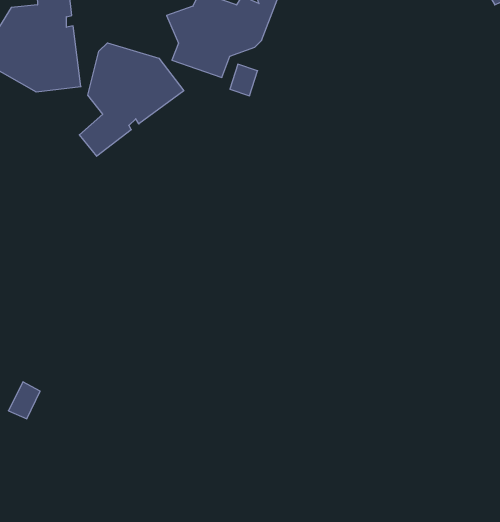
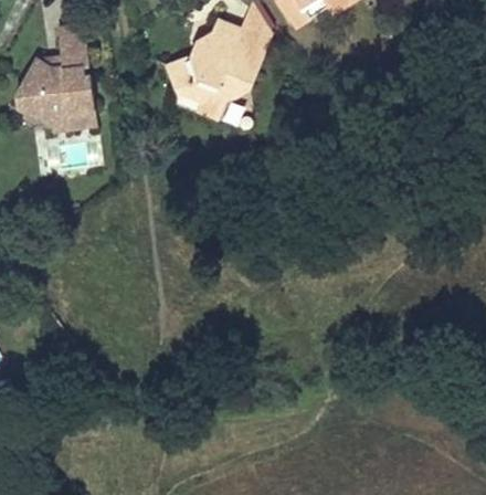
building: [79,43,184,156] -> none

